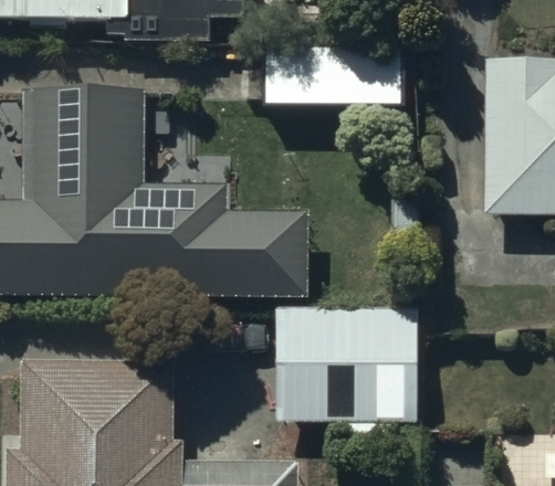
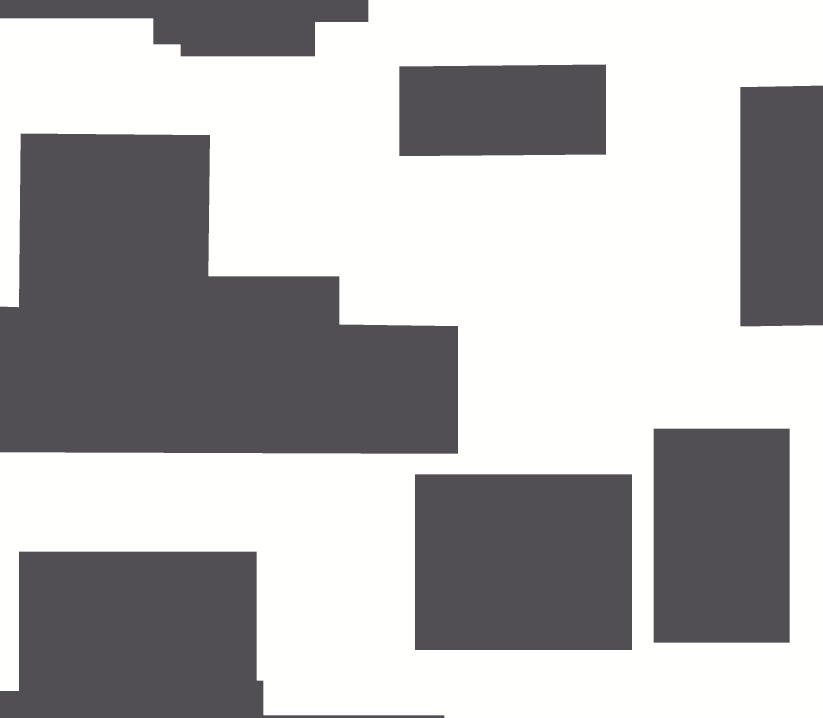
building: none -> [653,428,790,644]

